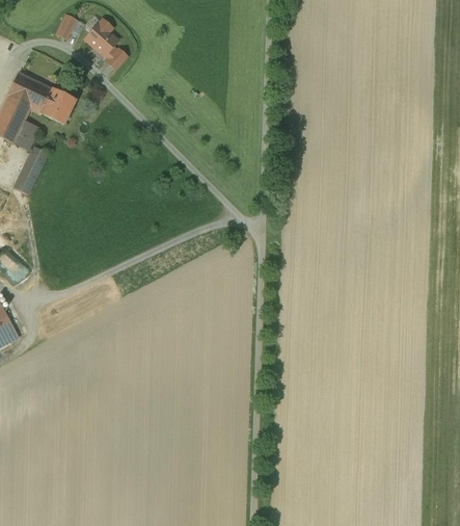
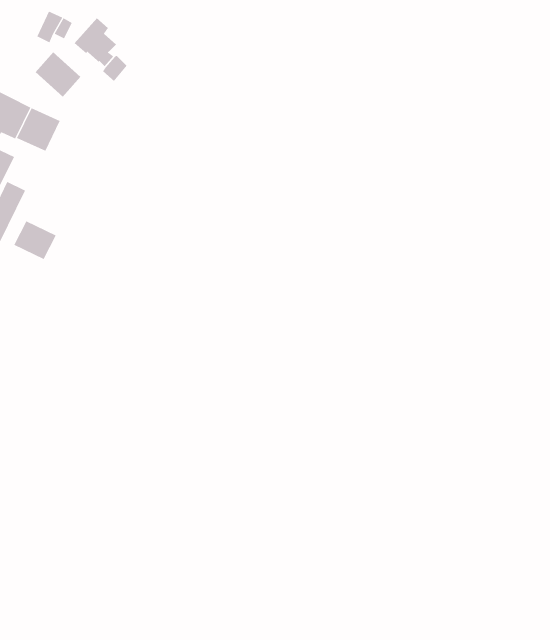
building: none -> [35,51,81,98]
building: none -> [13,221,56,260]

